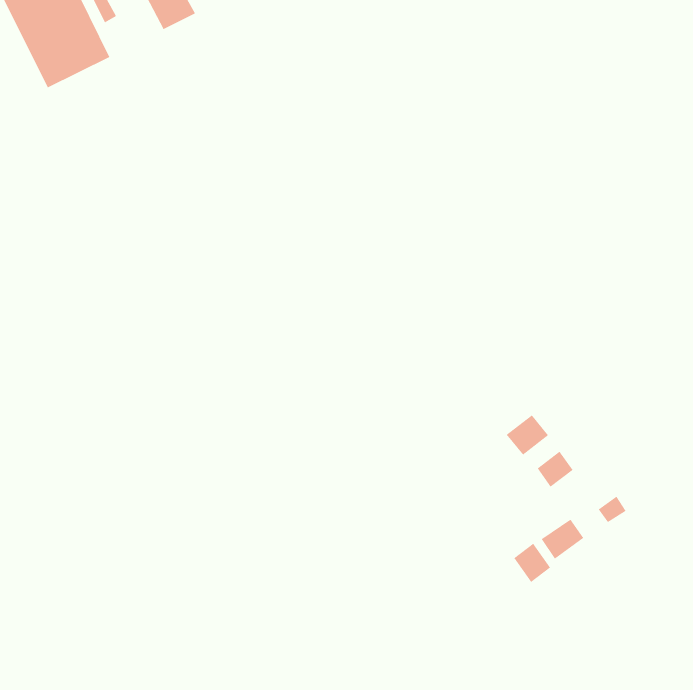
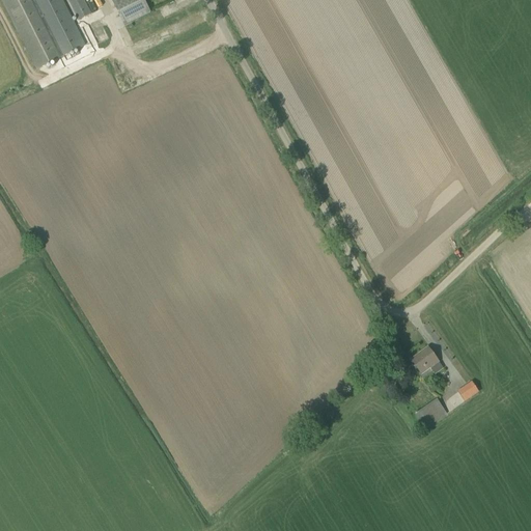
building: [506,415,549,455] -> none
building: [514,543,551,583] -> none

